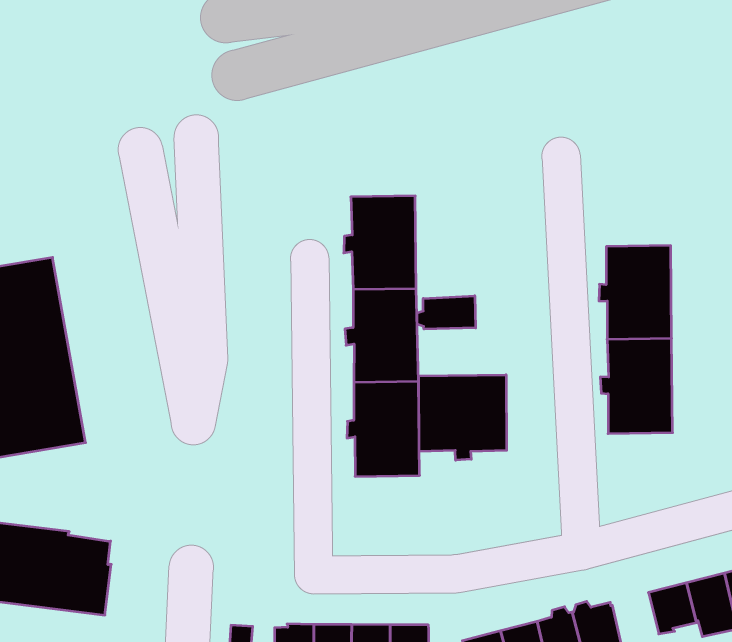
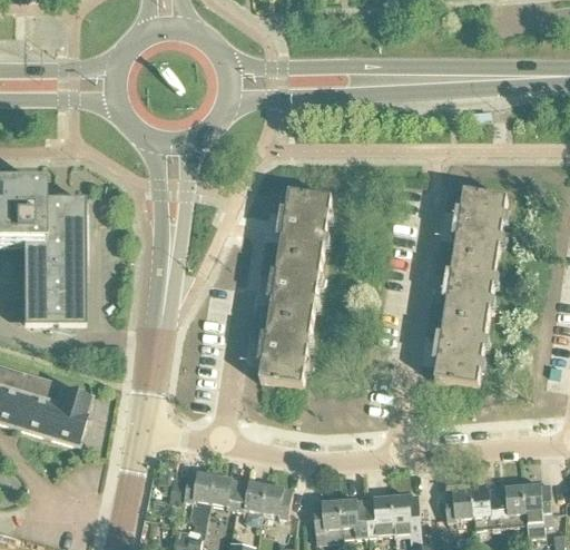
building: none -> [451,190,505,261]
building: [417,296,476,329] -> none
building: [419,375,507,460] -> none

